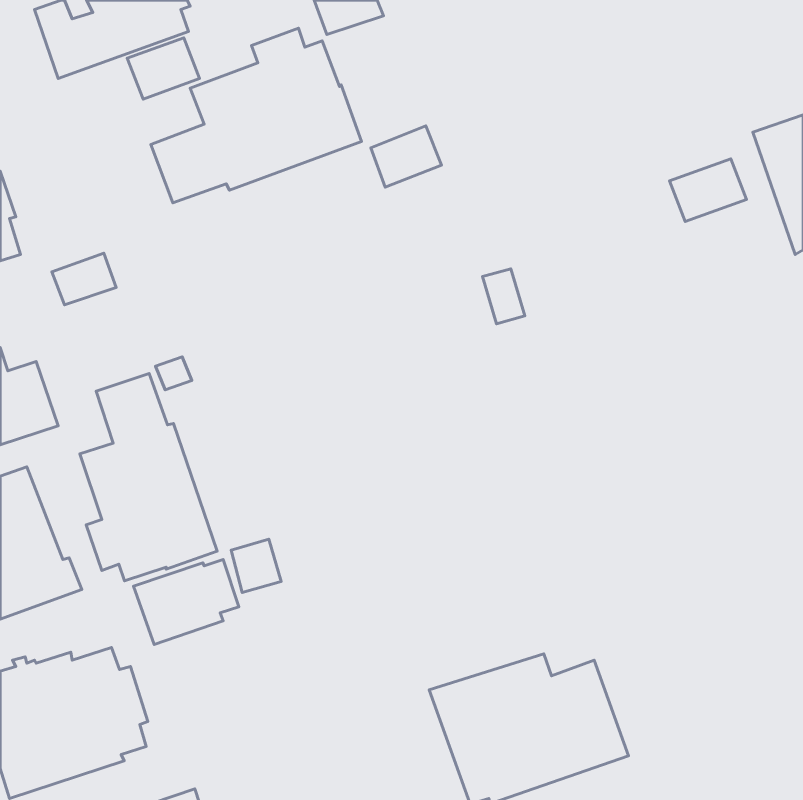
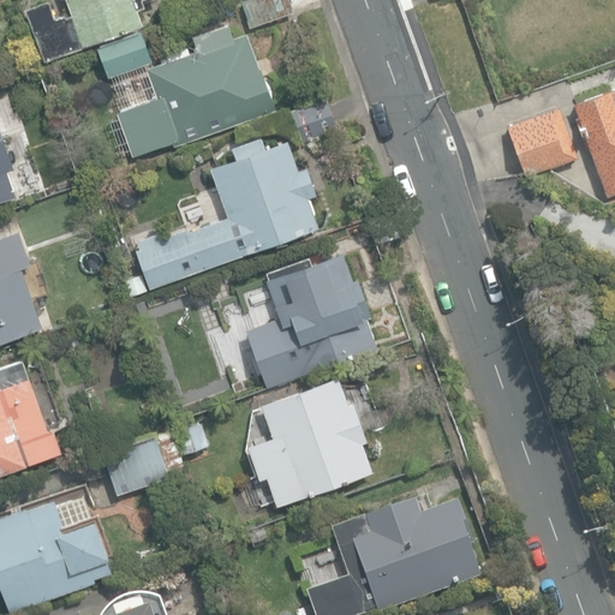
building: none -> [135,133,318,291]
building: none -> [245,253,377,389]
building: [80,373,217,581] -> none
building: none -> [247,376,371,507]

